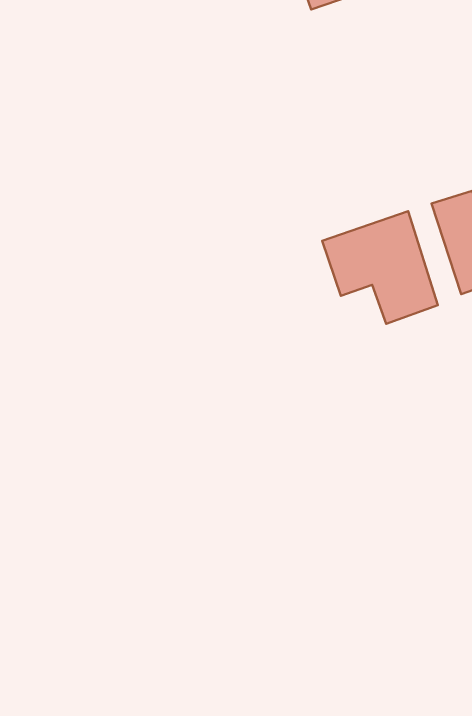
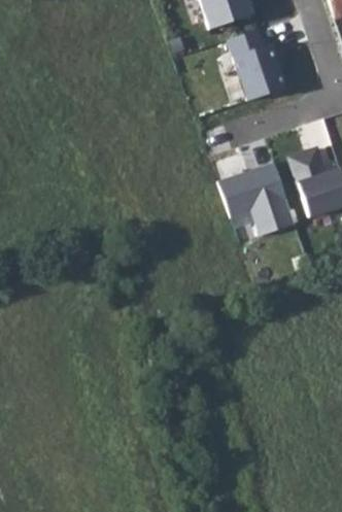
building: none -> [229,29,288,100]

